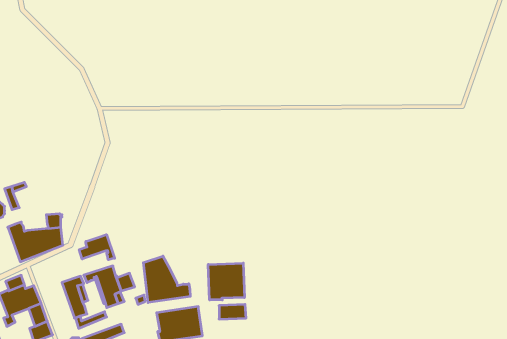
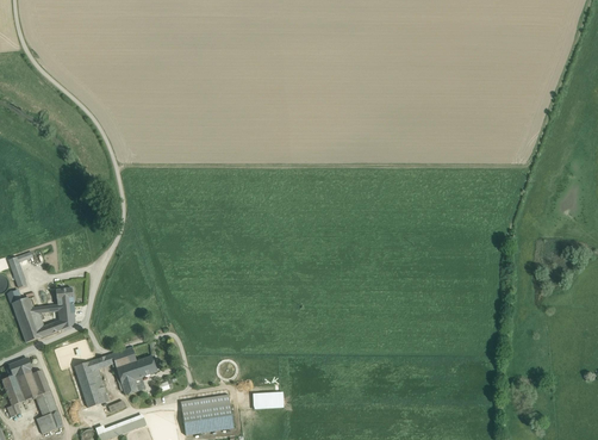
building: [79,235,115,260] -> none
building: [143,256,190,303] -> none
building: [208,263,244,300] -> none

